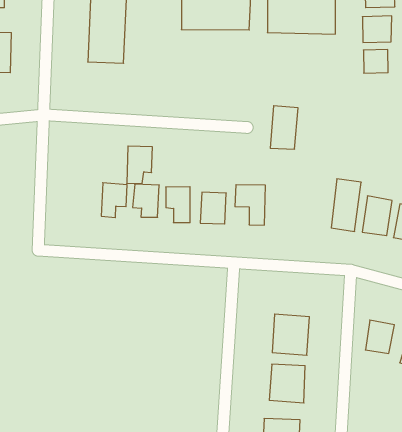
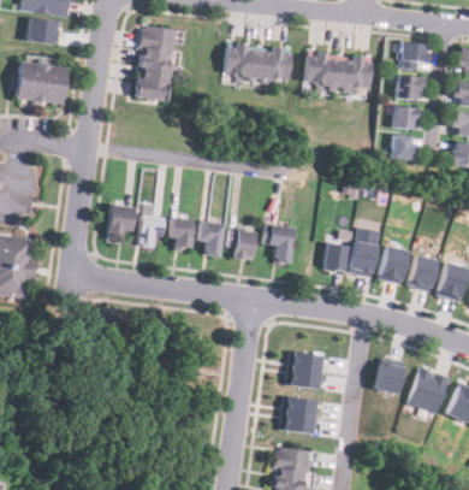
building: none -> [391,135,416,161]
building: [270,106,298,149] -> [325,229,354,271]
building: [127,146,152,183] -> [107,206,133,242]

